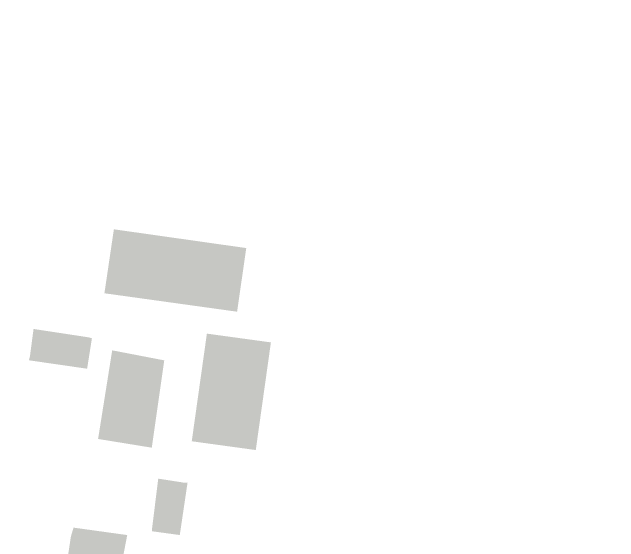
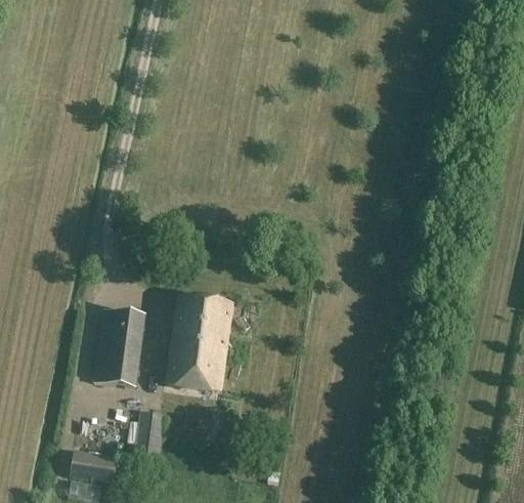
building: [104,228,247,313] -> none
building: [28,328,93,369] -> none

